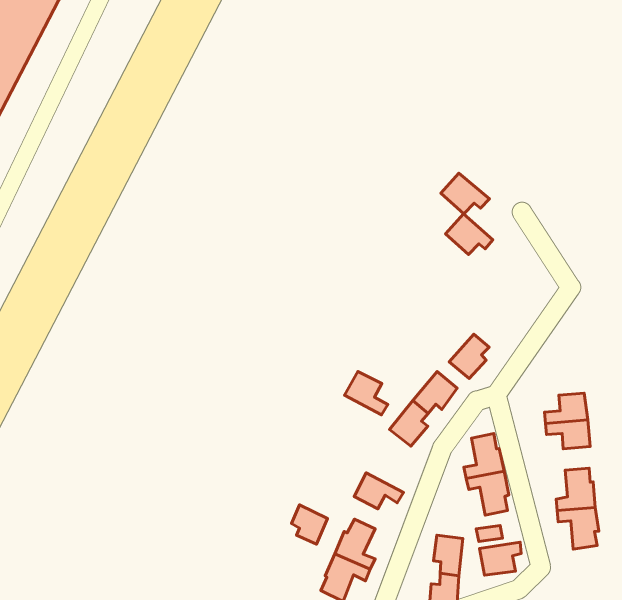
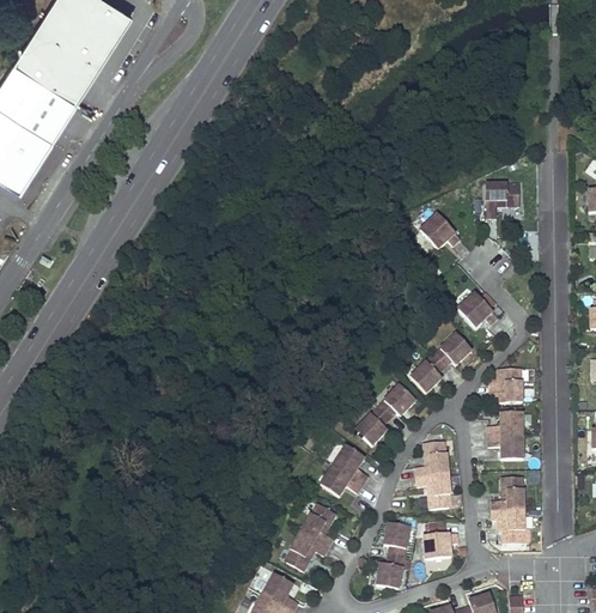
building: none -> [485,186,519,219]
building: [445,214,493,255] -> [458,292,498,327]
building: none -> [433,334,472,368]
building: none -> [489,369,522,402]
building: [344,371,388,415] -> [333,445,369,484]
building: [291,505,327,544] -> none

